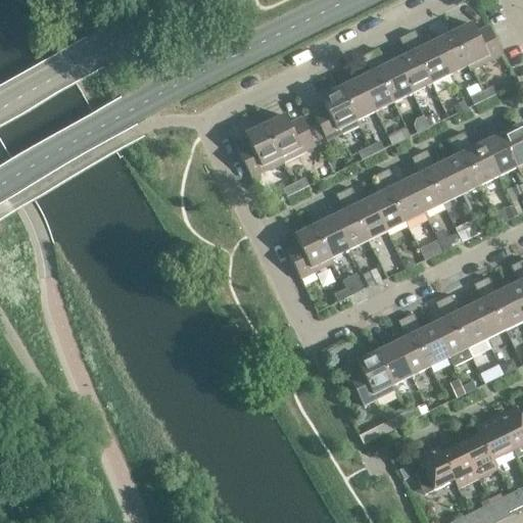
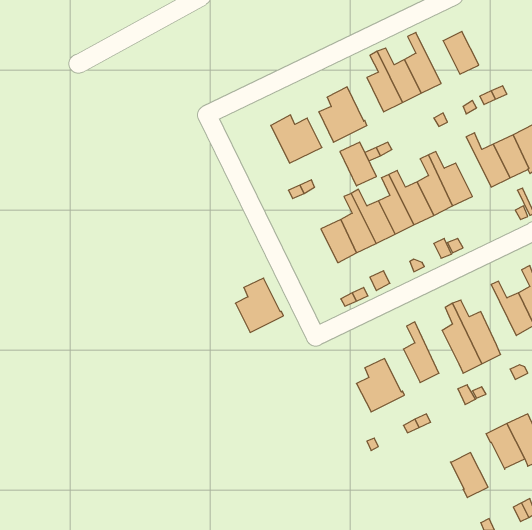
building: [454,20,505,68] -> none
building: [409,29,451,82] -> none
building: [341,76,377,118] -> [340,142,376,186]
building: [239,123,285,176] -> none
building: [447,134,482,192] -> none
building: [288,224,335,277] -> [235,278,283,332]
building: [472,278,507,337] -> none
building: [408,312,450,365] -> none
building: [378,341,413,383] -> none
building: [462,432,500,476] -> none
building: [416,443,456,492] -> none

